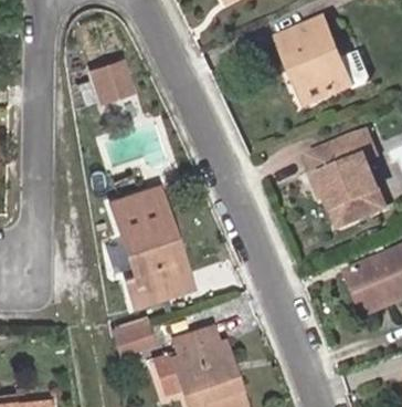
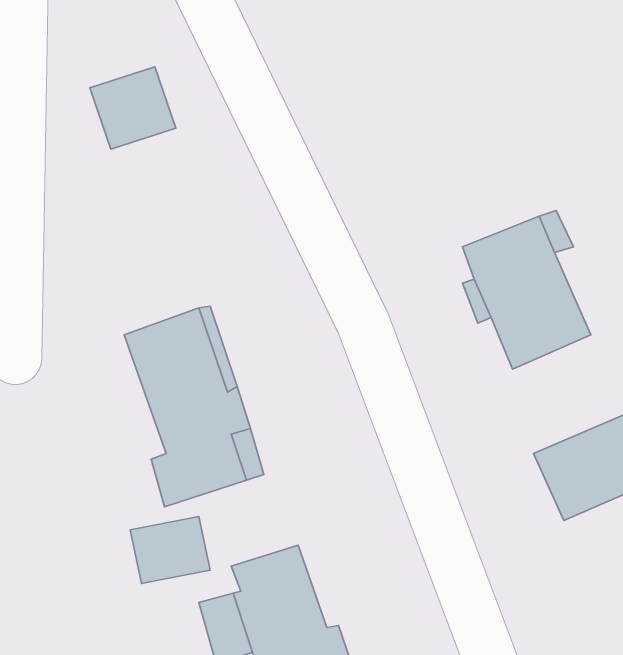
building: [281,23,351,106] -> none

